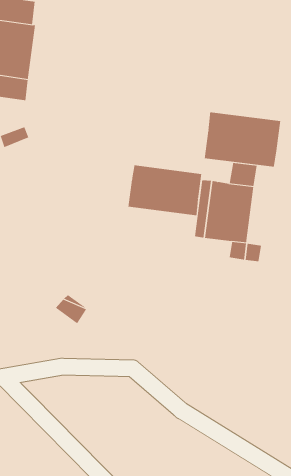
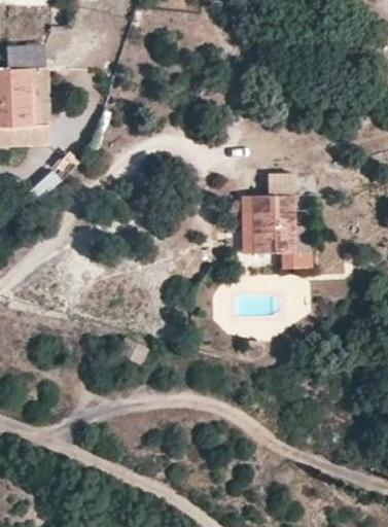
building: [204,112,281,168] -> none
building: [128,165,202,216] -> none

